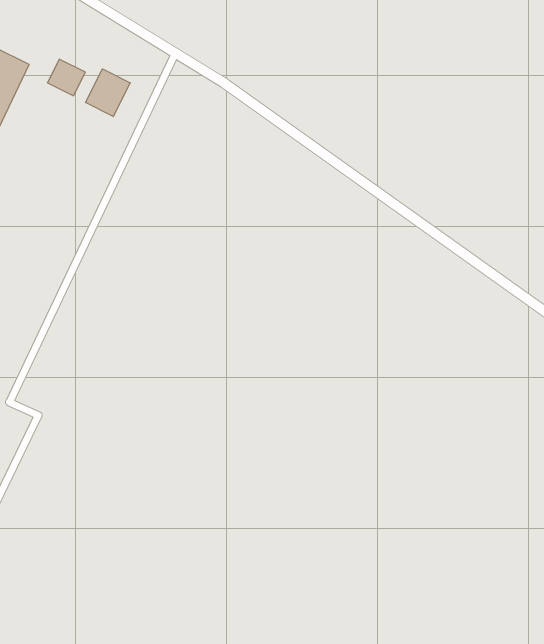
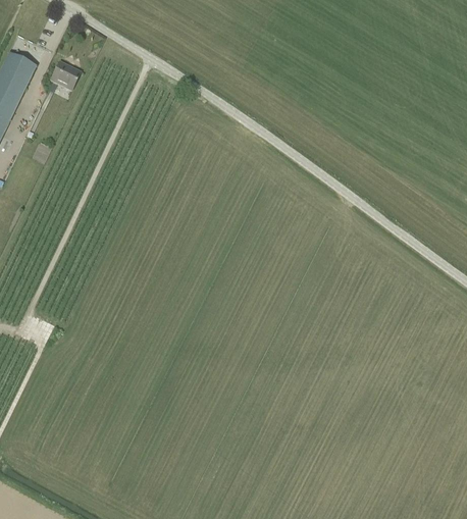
building: [86,69,130,117] -> none

